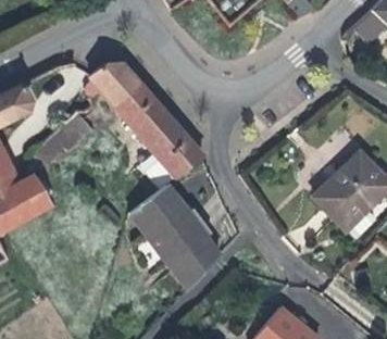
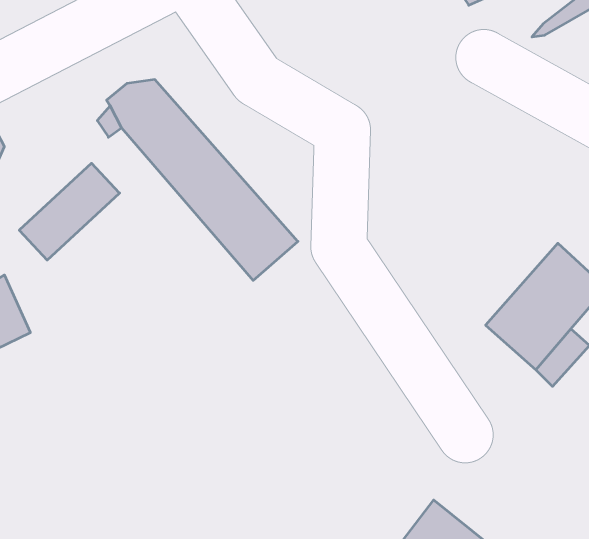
building: [134,186,222,290] -> none

